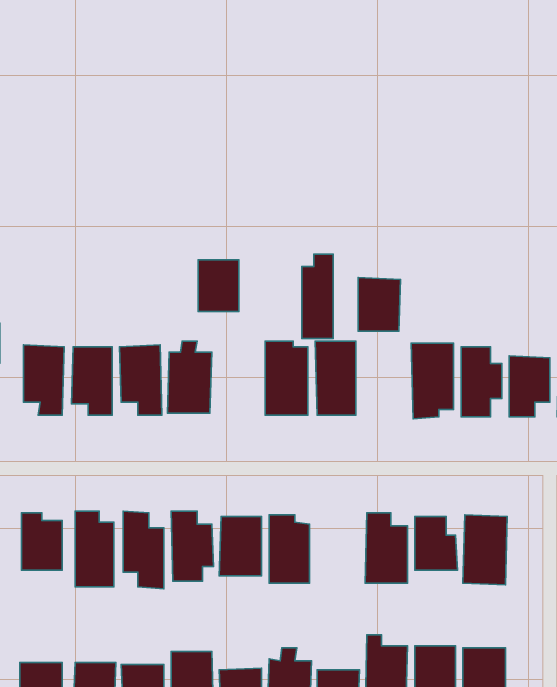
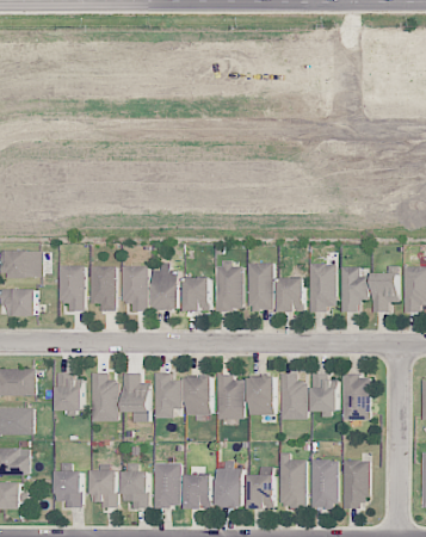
building: [302,254,333,339] -> none
building: [198,260,239,312] -> [184,277,210,310]
building: [358,278,401,331] -> [278,277,305,311]
building: none -> [248,376,276,415]

